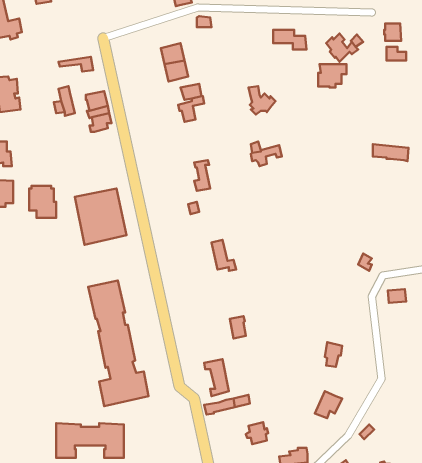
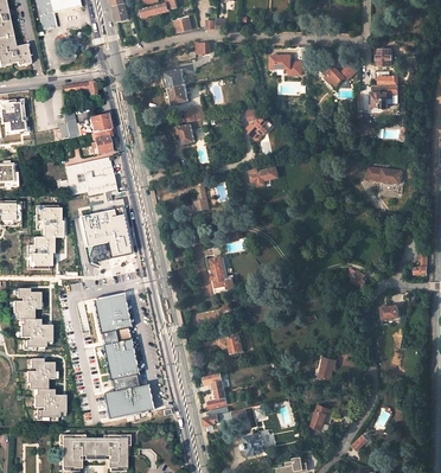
building: [318,64,347,88] -> [371,84,398,107]
building: none -> [65,156,116,196]
building: none -> [26,236,53,268]
building: none -> [13,288,52,350]
building: none -> [27,358,65,420]

